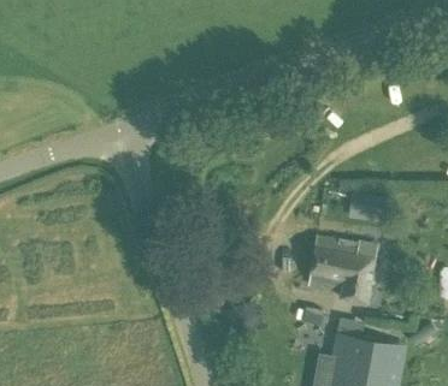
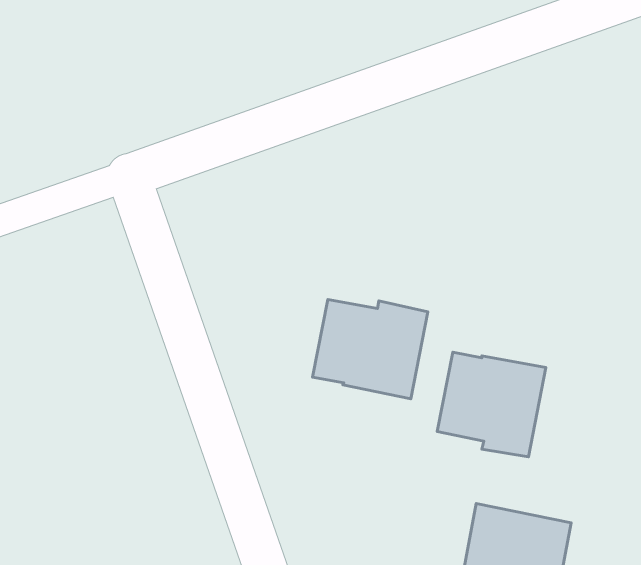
building: none -> [313,299,428,399]

